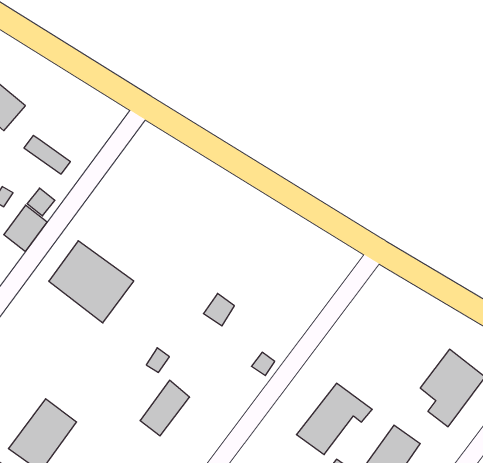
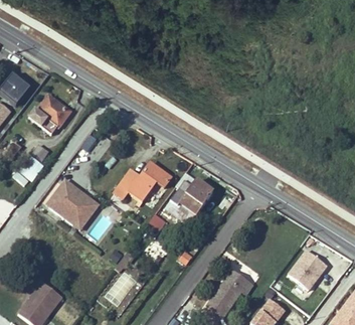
building: none -> [37,95,71,128]
building: none -> [114,163,170,207]
building: none -> [165,173,213,224]

